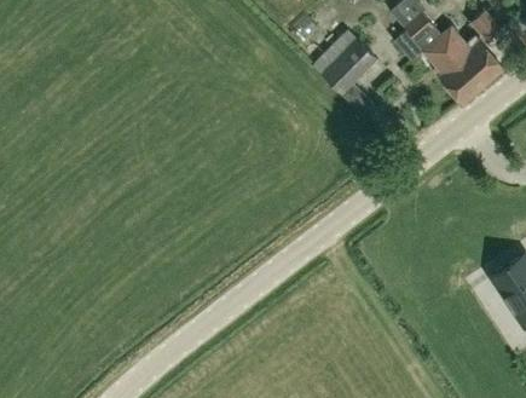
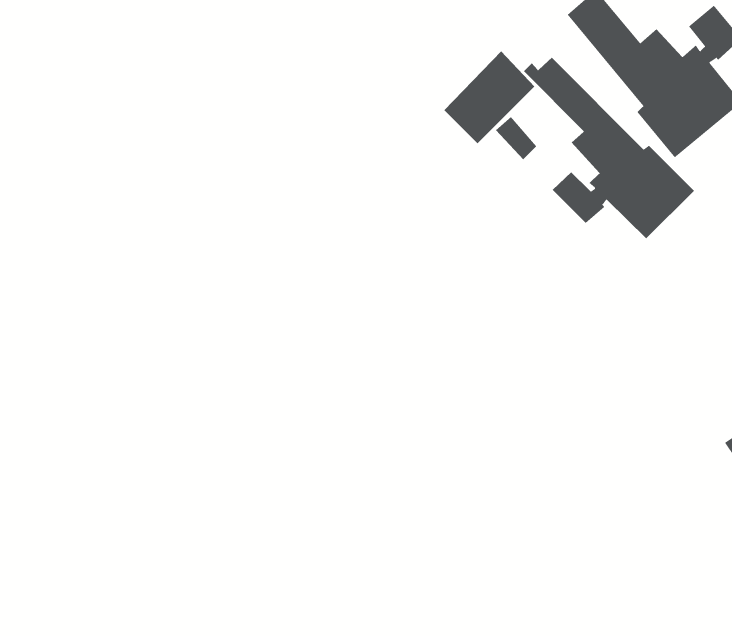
building: none -> [523,57,695,239]

